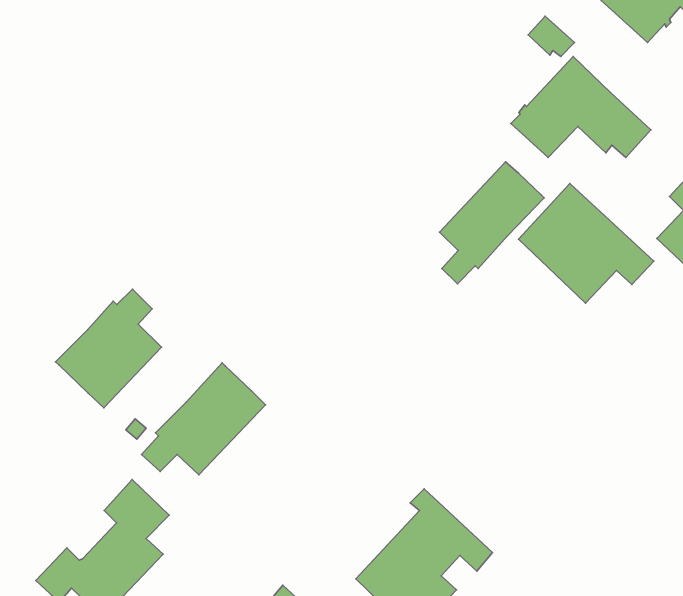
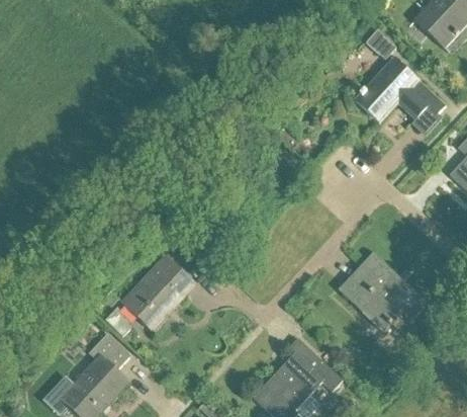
building: [439,162,544,284] -> none
building: [519,183,654,303] -> [339,253,427,331]
building: [56,289,162,408] -> none

